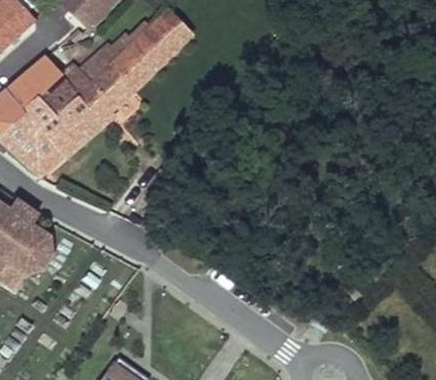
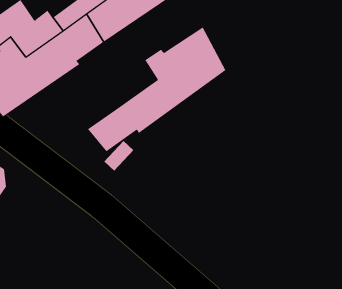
building: none -> [87,27,226,152]

